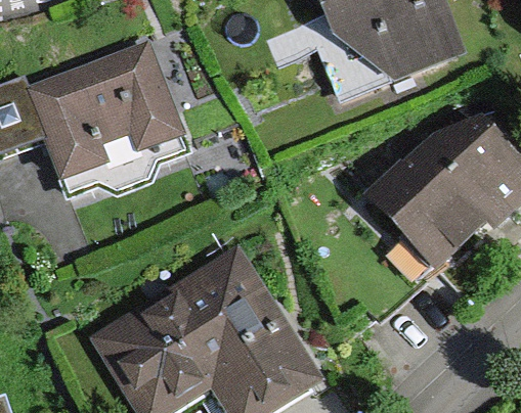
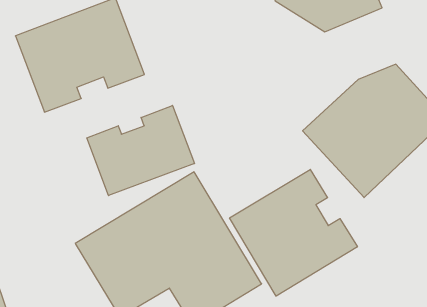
building: none -> [87,105,194,196]
building: none -> [230,169,357,296]

